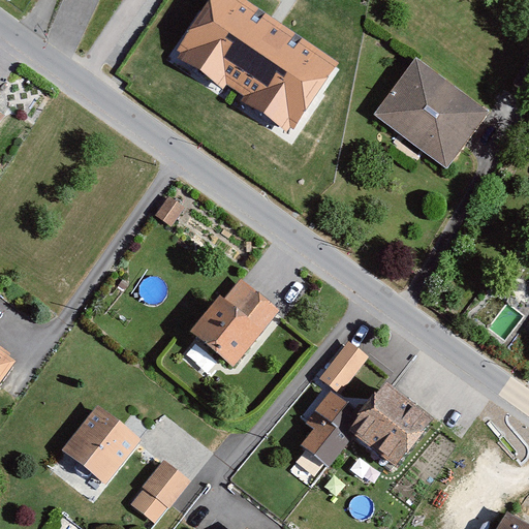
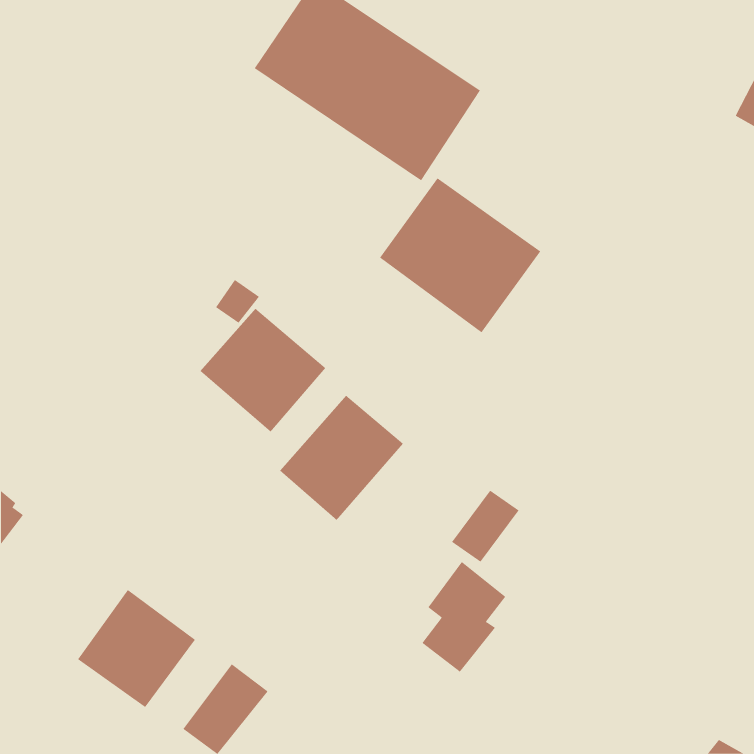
building: [371,59,484,167] -> [379,177,541,333]
building: none -> [200,308,326,433]
building: [342,381,430,470] -> none

